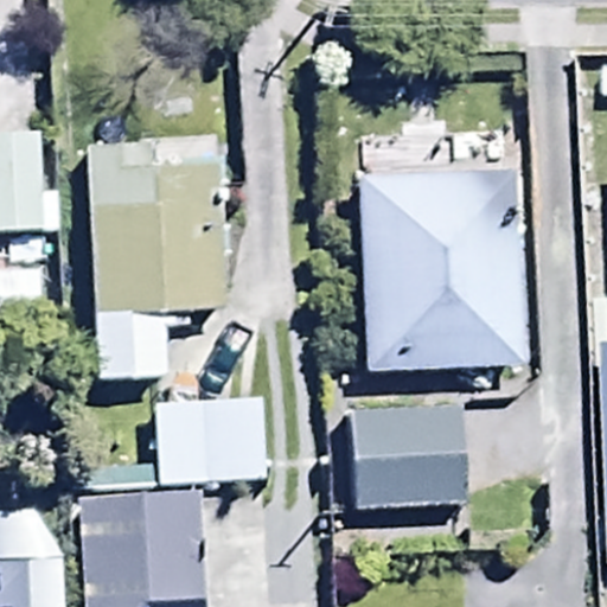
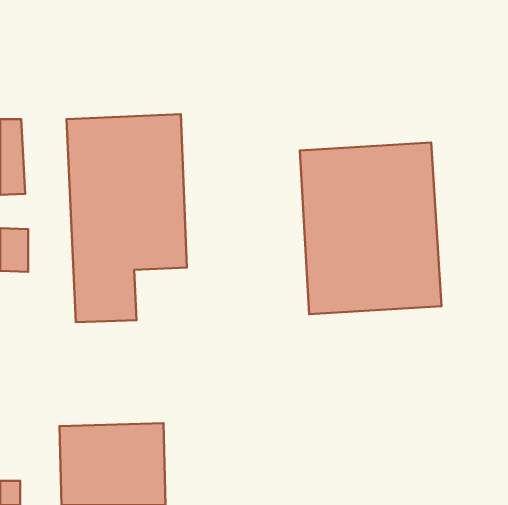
building: [154,397,261,481] -> none
building: [350,408,464,506] -> none

